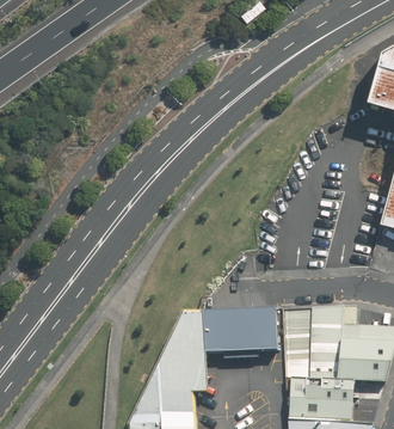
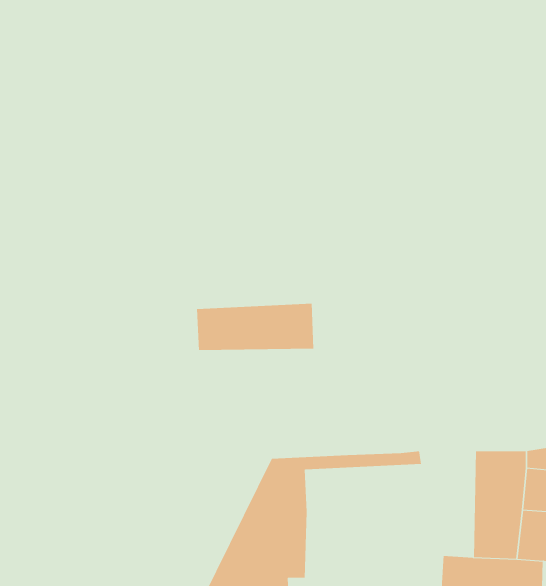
building: [284,311,310,378] -> none
building: [204,319,278,349] -> [196,303,314,351]

